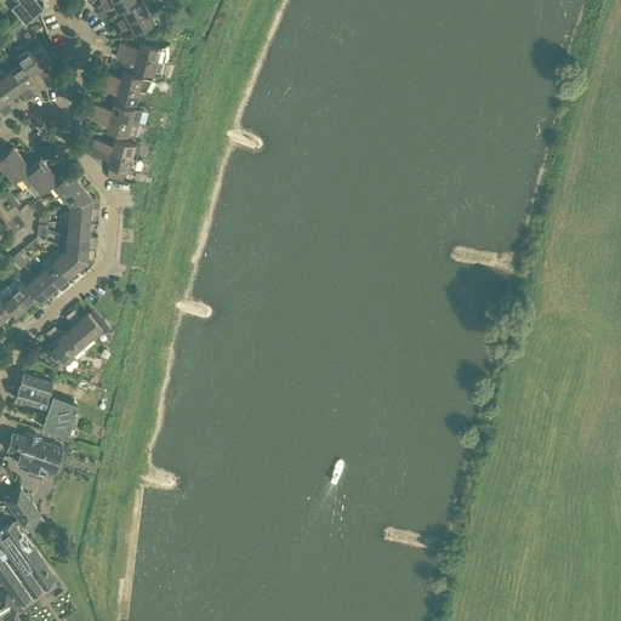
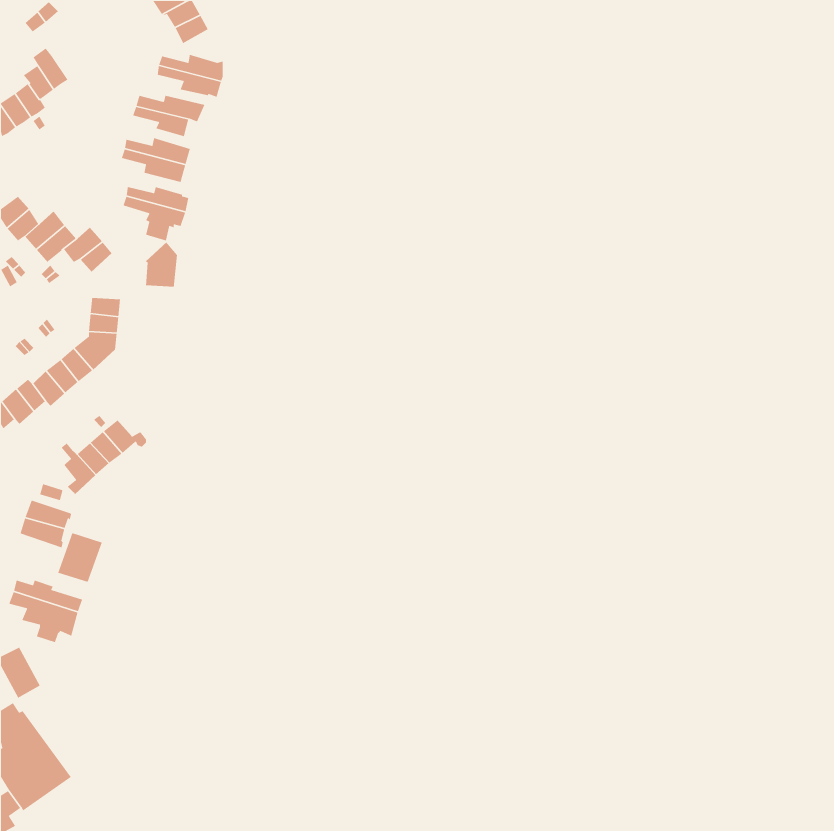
building: [68,190,92,224] -> [145,242,178,287]

